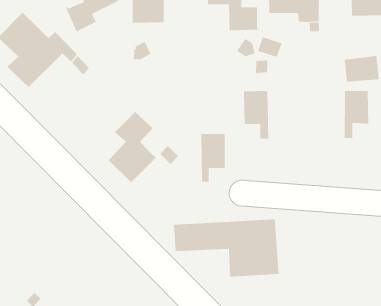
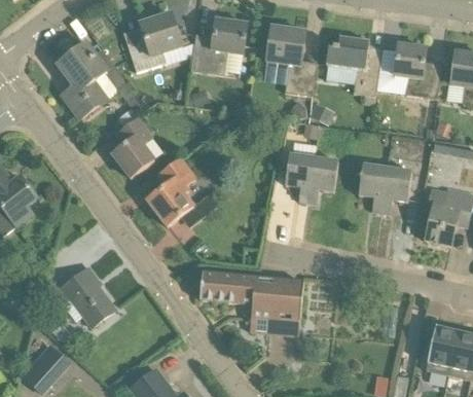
building: none -> [112,117,155,177]
building: none -> [358,161,388,212]
building: [200,133,226,182] -> [307,154,338,203]
building: none -> [58,266,115,327]

